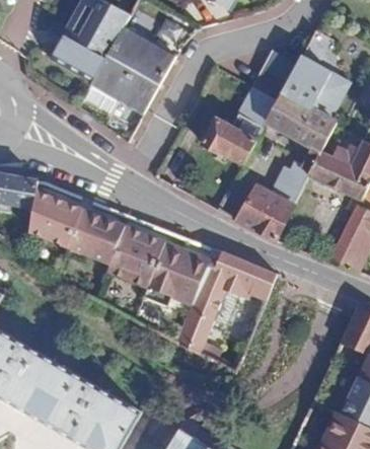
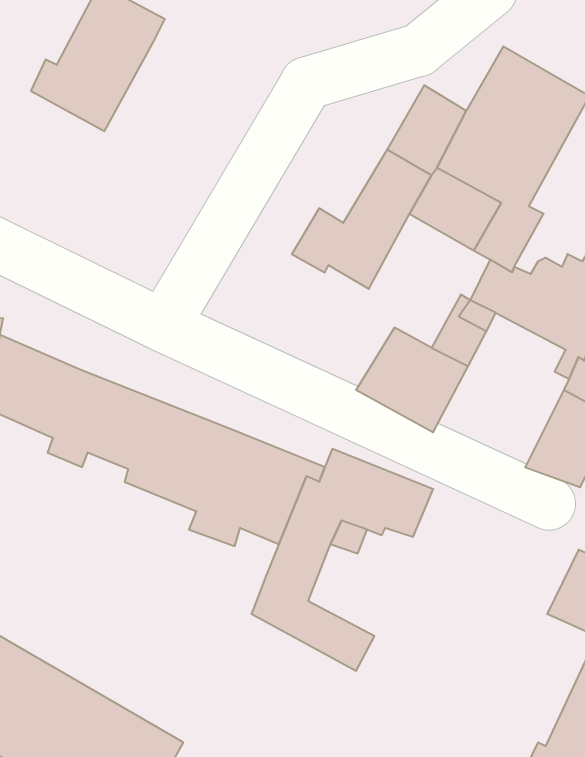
building: [91,25,175,111] -> none

